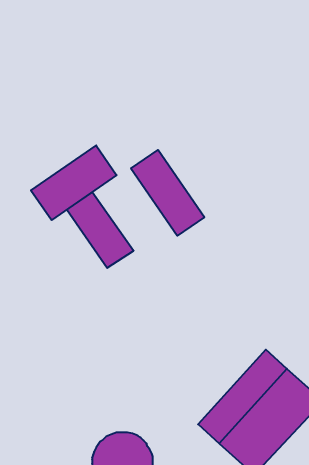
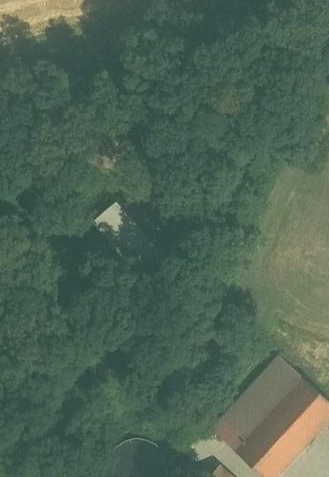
building: [31,145,117,220] -> none
building: [131,150,204,236] -> none

